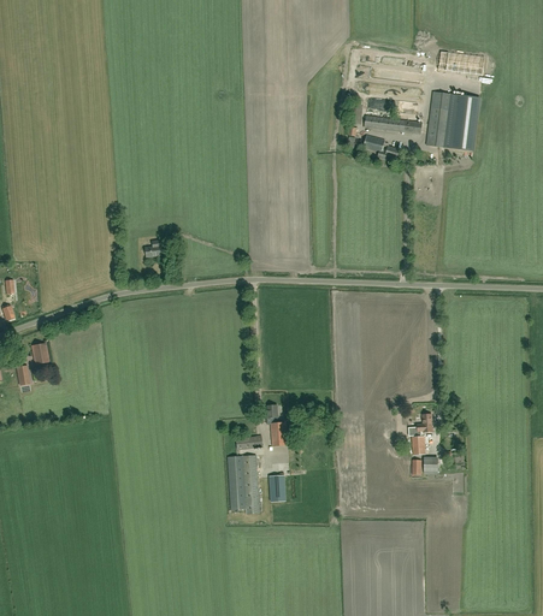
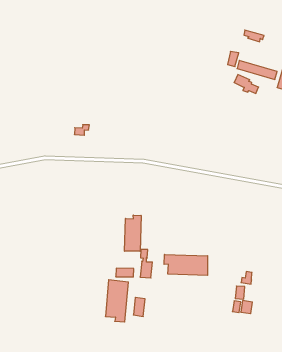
building: none -> [125,215,141,251]
building: none -> [164,254,208,275]

